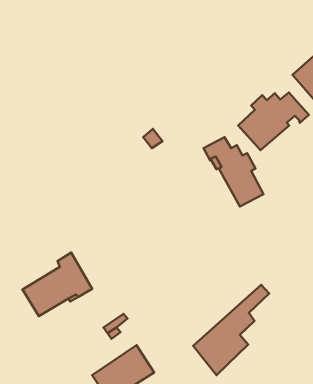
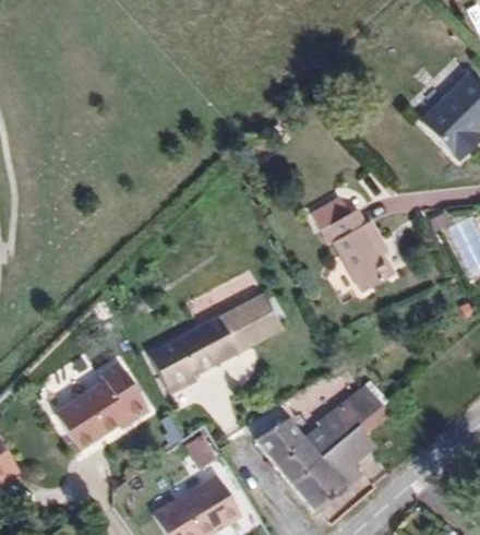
building: [238,92,309,150] -> none
building: none -> [149,294,288,399]
building: none -> [255,381,382,482]

